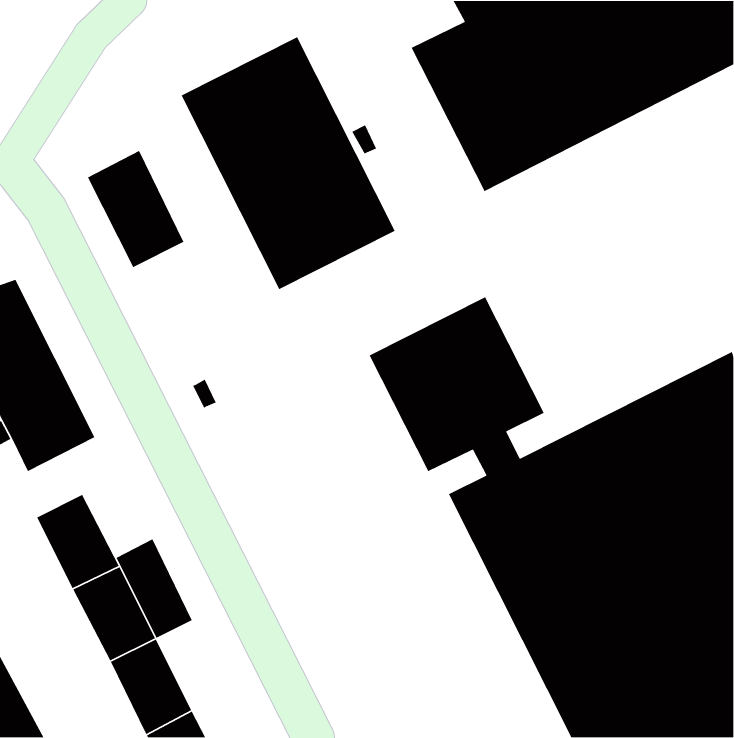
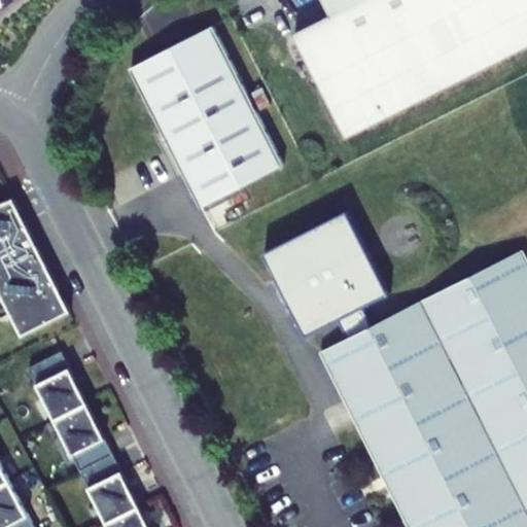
building: [87,150,184,268] -> none
building: [116,538,193,639] -> none

